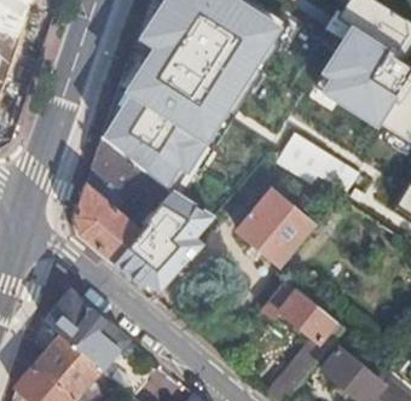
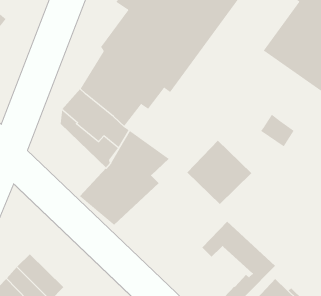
building: [274,134,328,178] -> none
building: [71,182,140,265] -> none
building: [45,292,127,374] -> none

